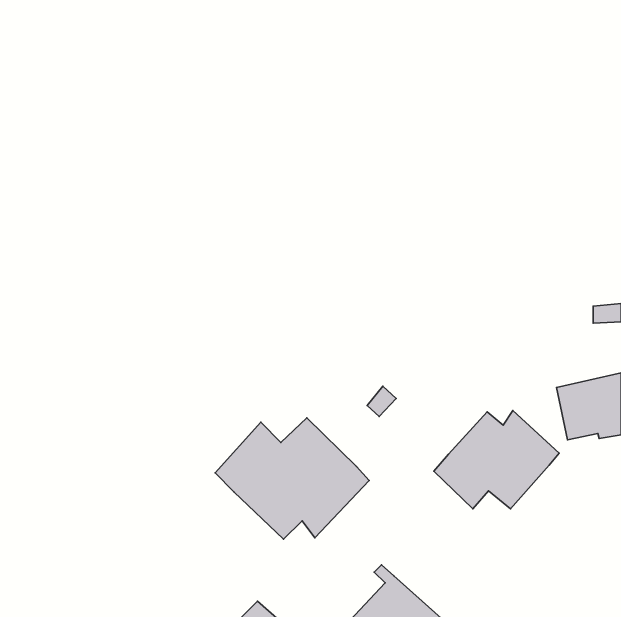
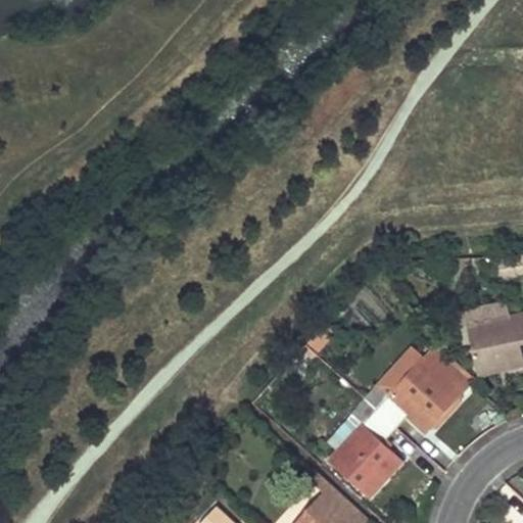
building: [215,418,369,539] -> none
building: none -> [326,399,402,500]

